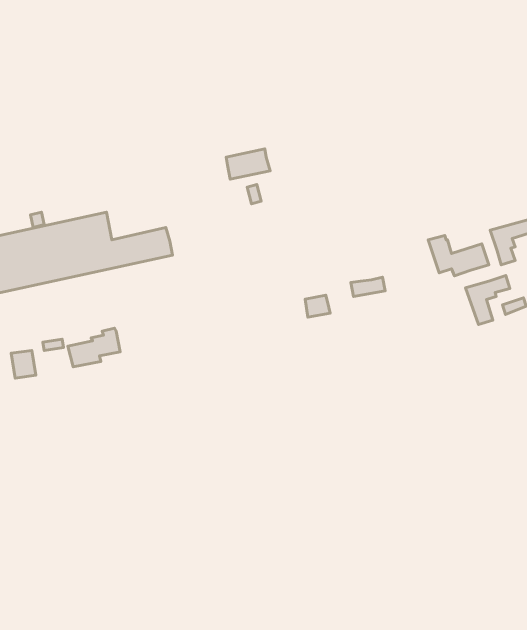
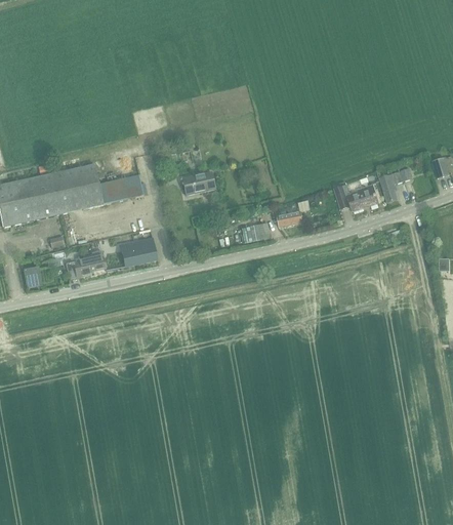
building: [226,149,270,179] -> [182,171,215,194]
building: [466,276,510,324] -> none
building: none -> [120,237,157,266]

